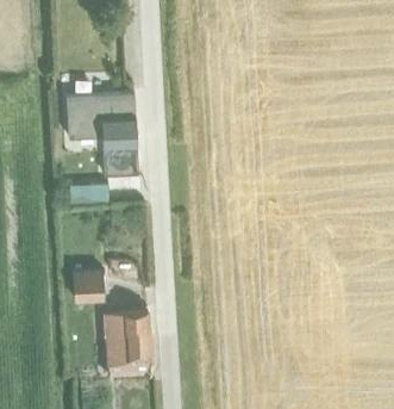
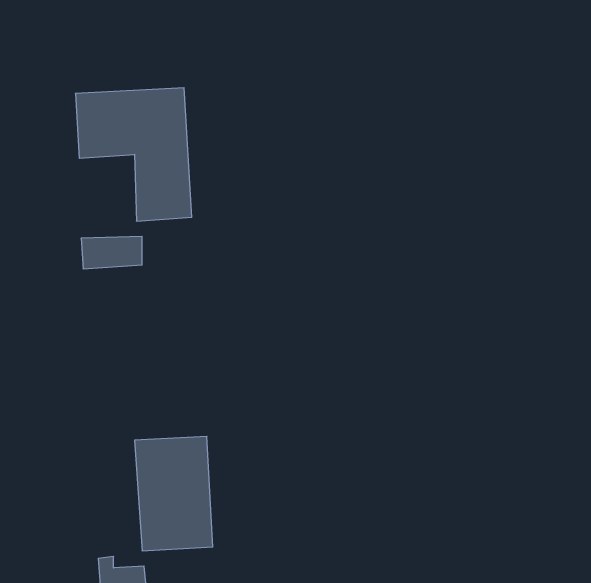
building: [74,266,105,299] -> none

